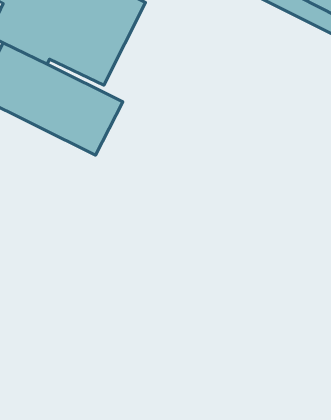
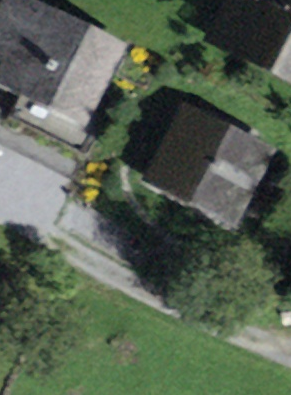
building: none -> [164,105,275,209]

